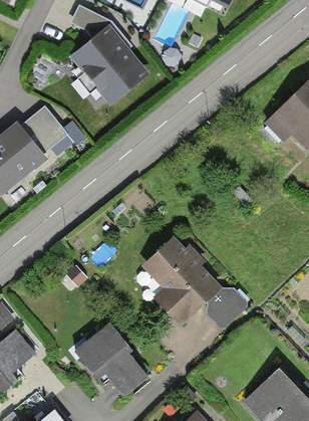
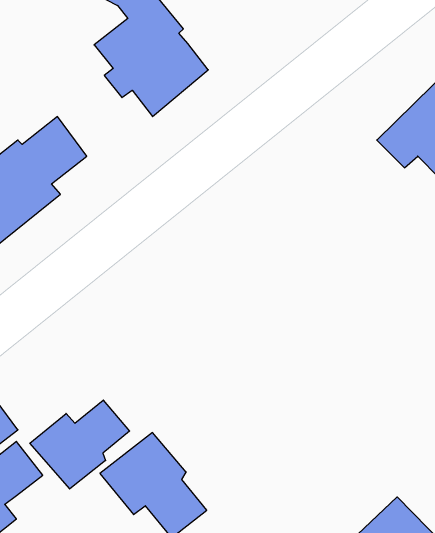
building: [142,235,247,327] -> none
building: none -> [30,400,130,489]

